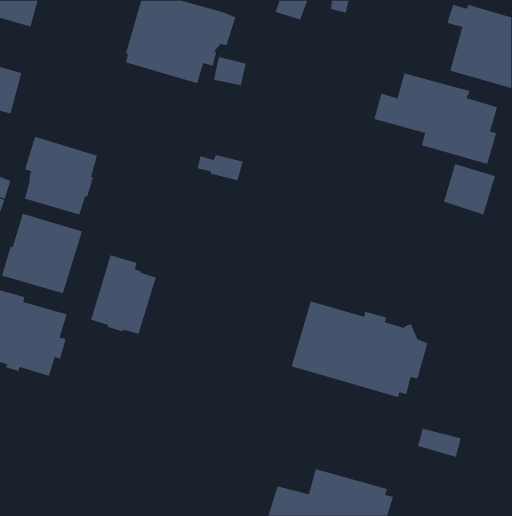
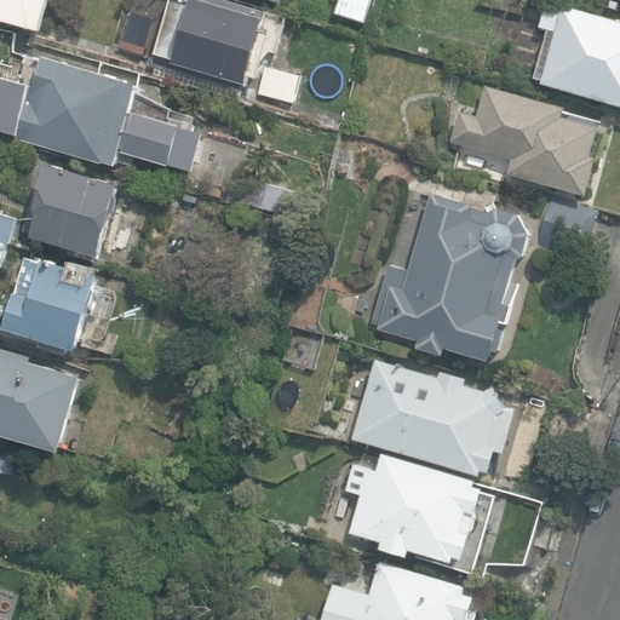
building: none -> [15,57,203,173]
building: none -> [366,194,528,364]
building: [90,254,156,334] -> none
building: none -> [343,453,492,573]

